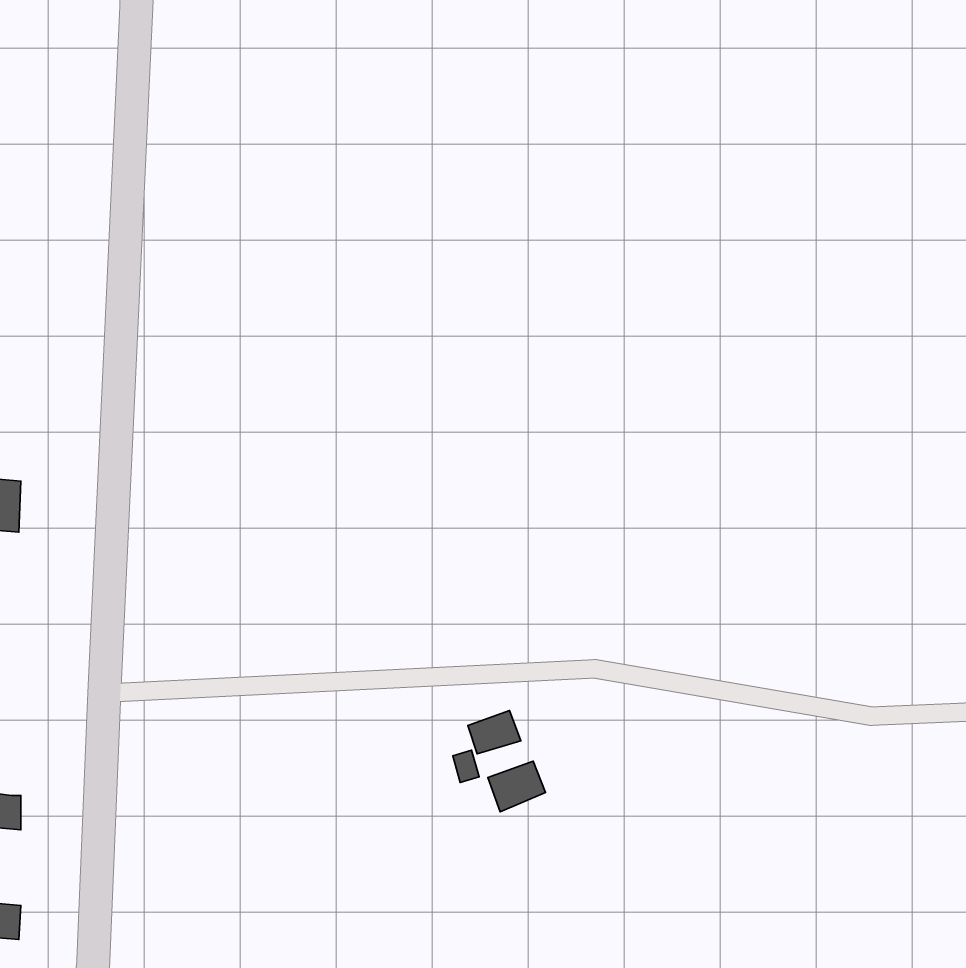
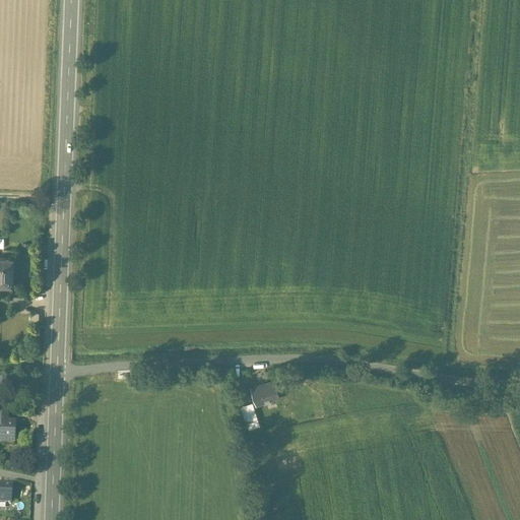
building: [488,761,546,812] -> none

